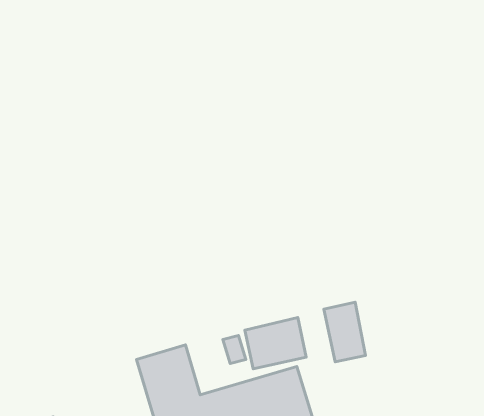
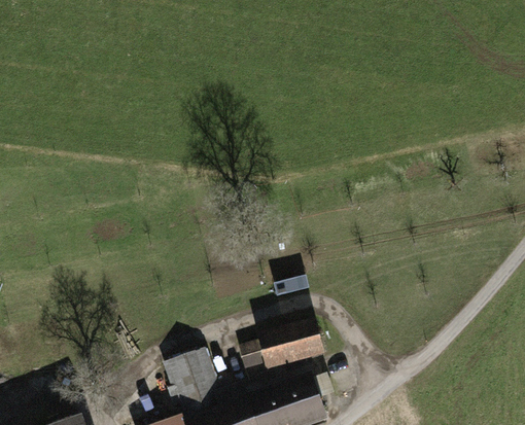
building: [324,302,366,362] -> none

